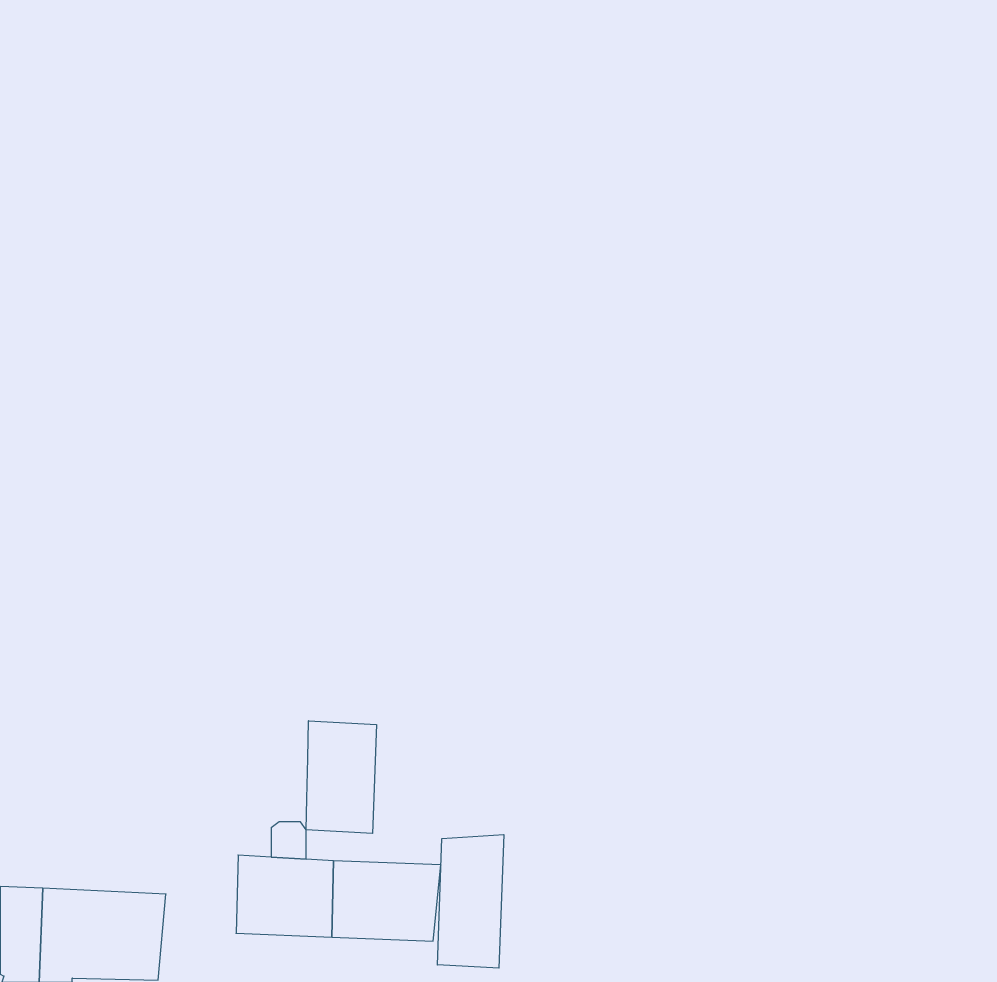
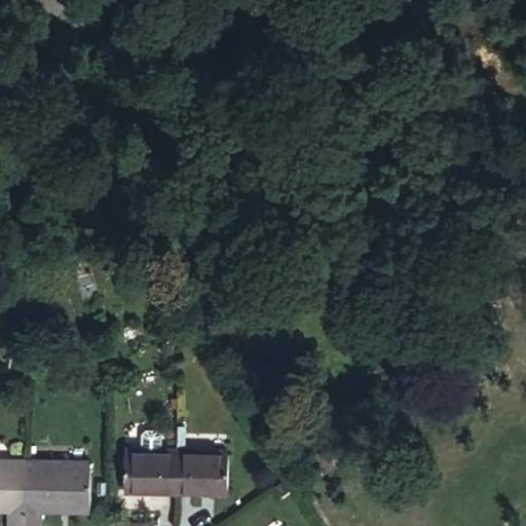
building: [306,721,376,833] -> none
building: [437,835,504,968] -> none

